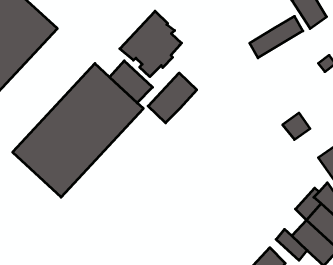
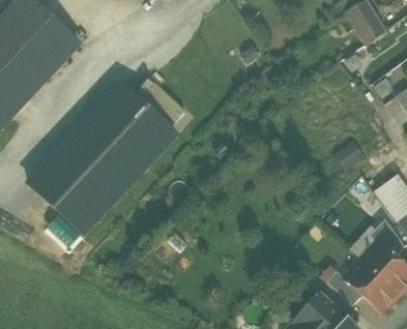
building: [120,11,182,77] -> none
building: [250,16,303,58] -> none
building: [148,73,197,123] -> none

